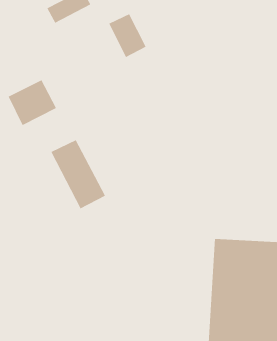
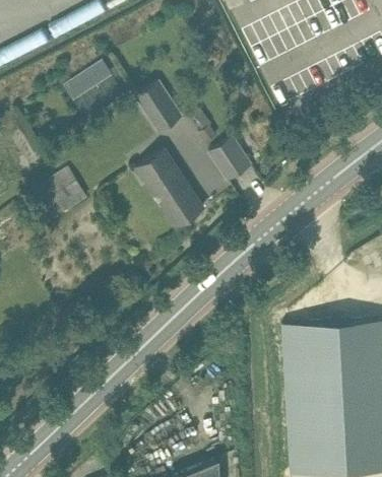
building: none -> [210,139,252,183]
building: [51,139,106,209] -> [136,151,204,229]

